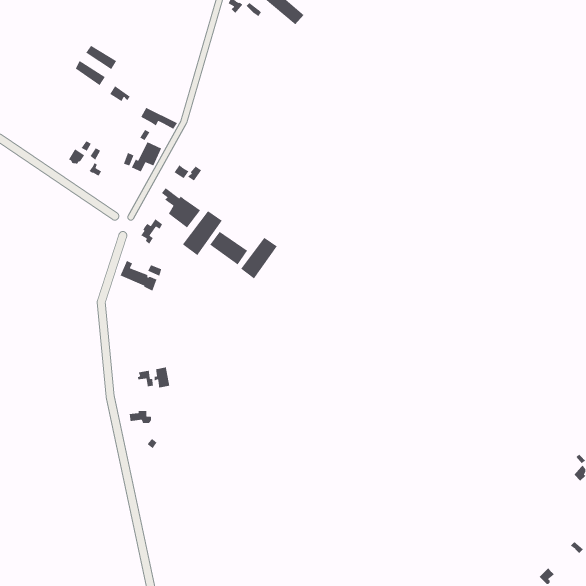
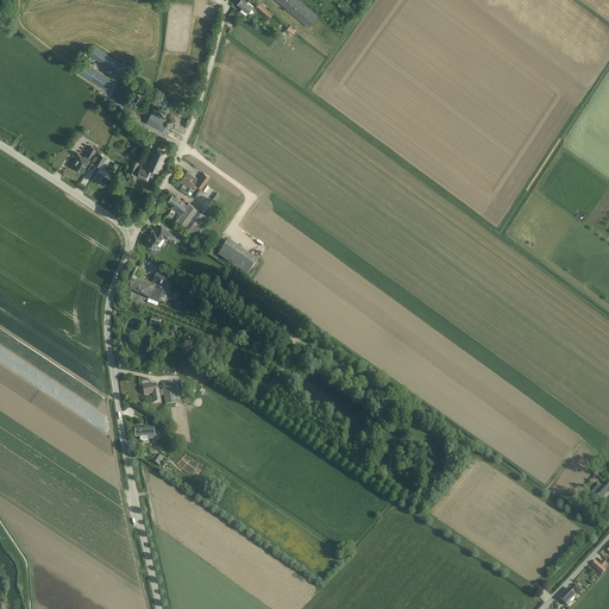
building: [182,210,223,256] -> none
building: [240,237,278,279] -> none

